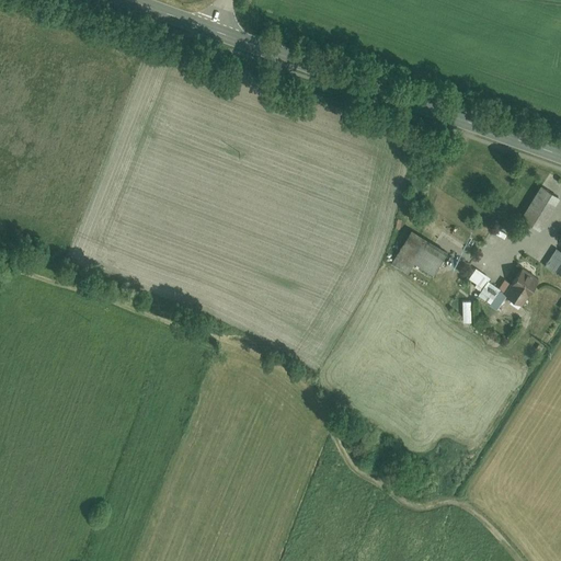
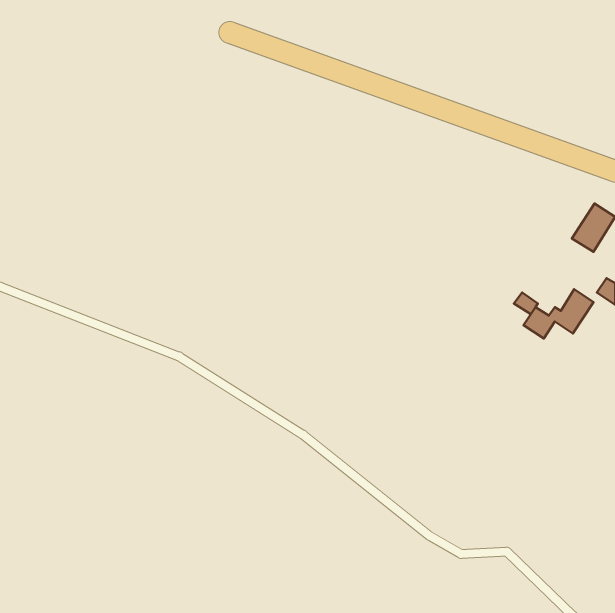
building: [399,232,447,276] -> none

